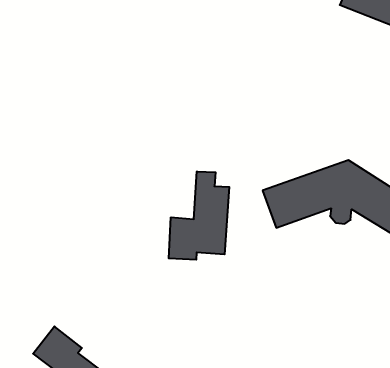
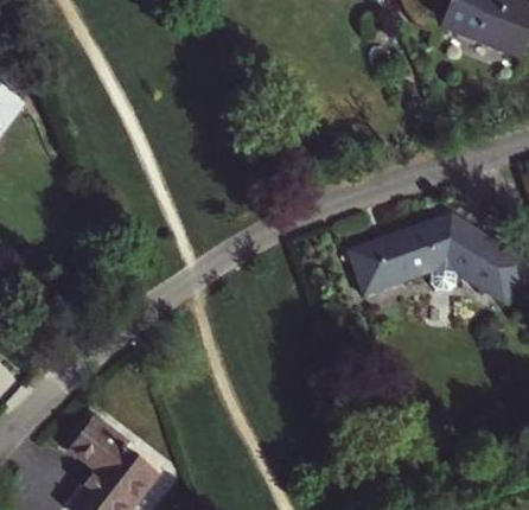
building: [169,171,229,260] -> none

